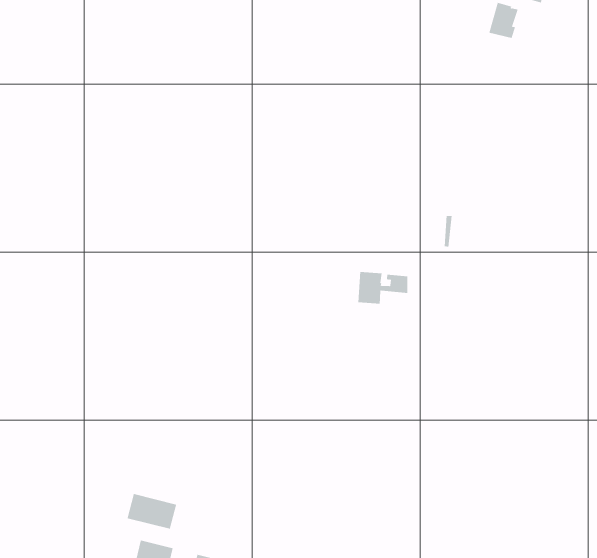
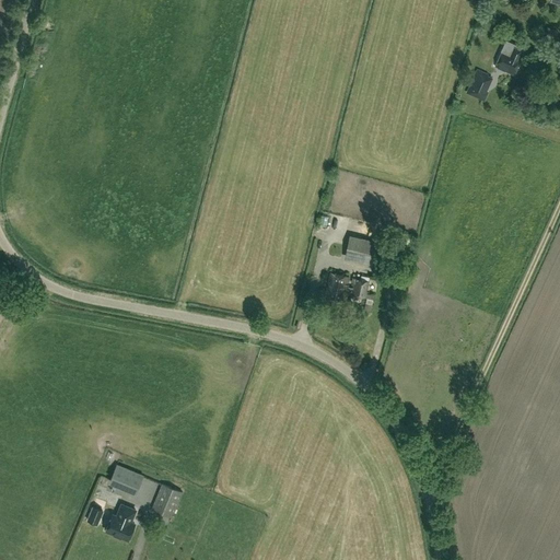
building: none -> [346,238,377,260]
building: [127,493,177,529] -> none

